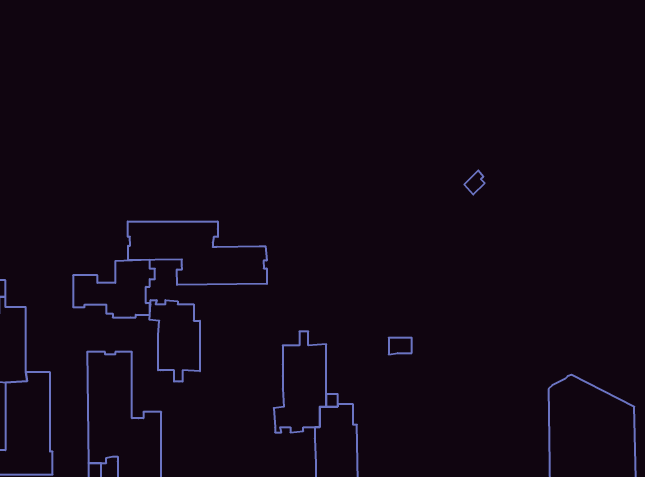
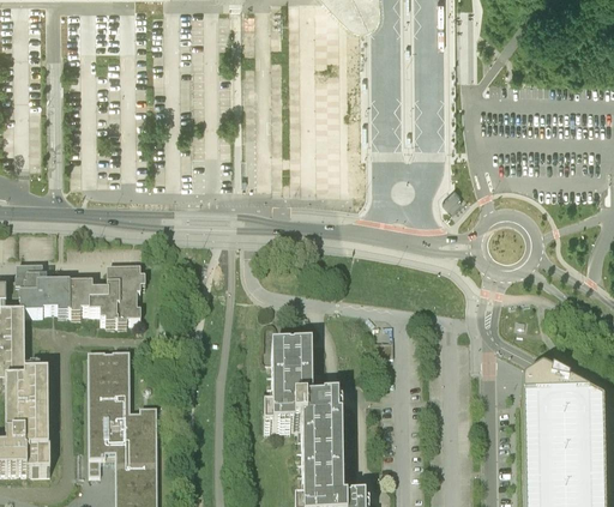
building: [128,221,267,285] -> none
building: none -> [22,266,74,309]
building: [149,300,200,382] -> none

